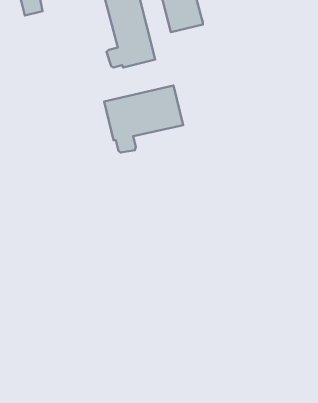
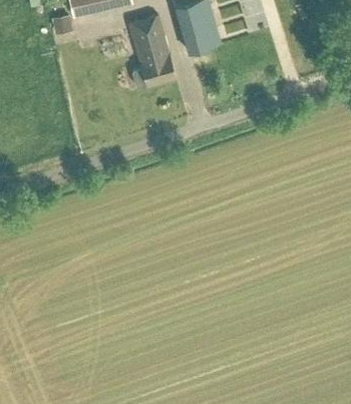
building: [104,86,183,153] -> none

